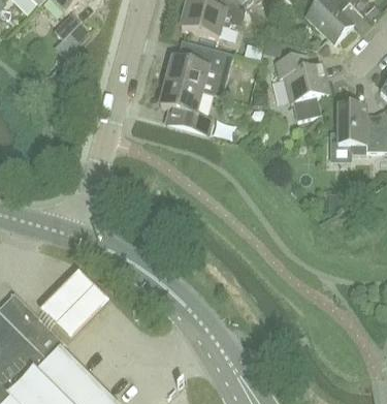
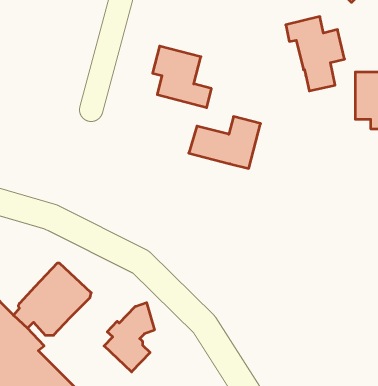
building: [165,48,228,93] -> [189,117,261,168]
building: none -> [104,303,154,372]

